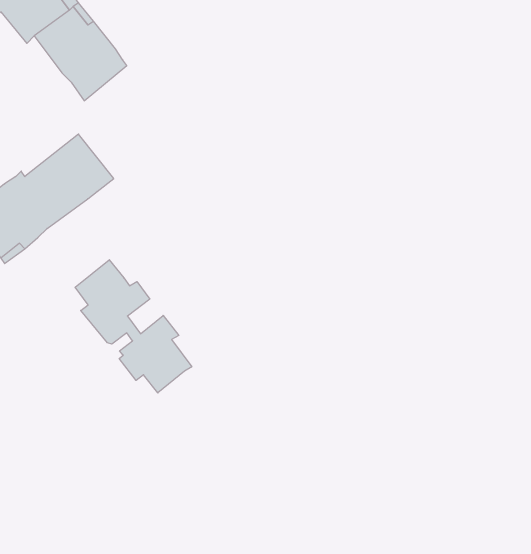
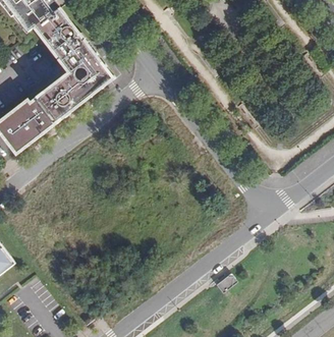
building: none -> [57,42,111,104]
building: [75,260,192,393] -> none

